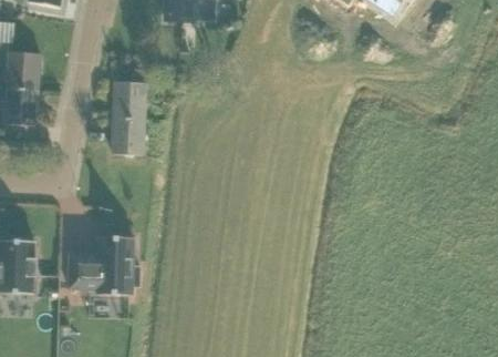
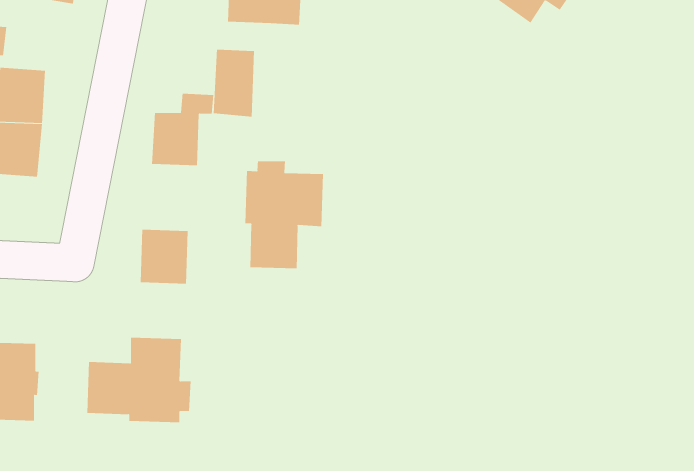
building: none -> [213,49,254,118]
building: none -> [245,161,323,269]
building: [111,115,144,153] -> [140,229,188,284]

